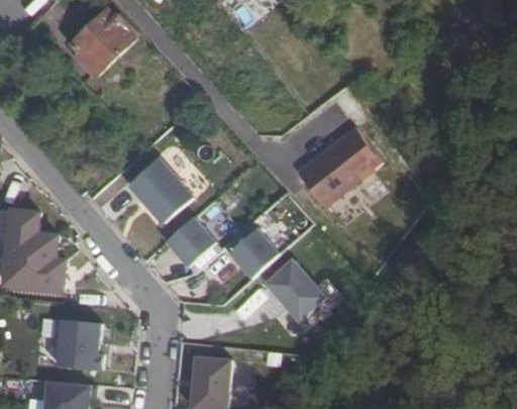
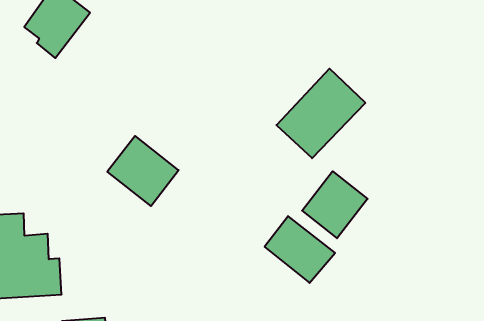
building: [165,216,221,273] -> none
building: none -> [302,171,368,238]
building: [227,228,280,282] -> none

